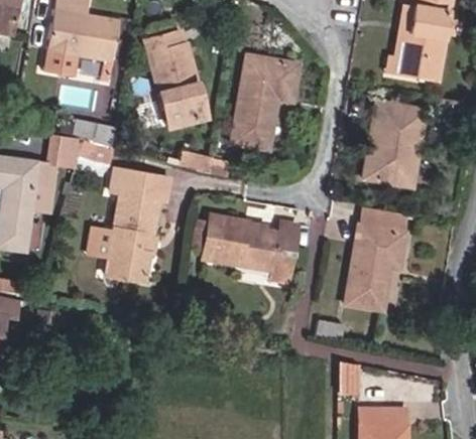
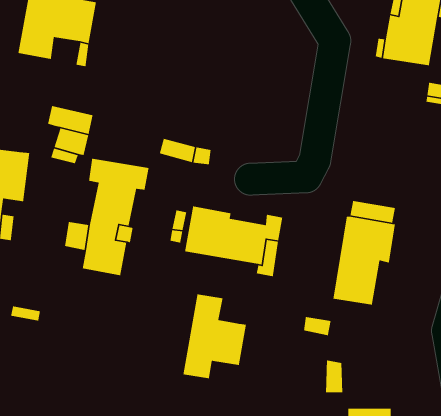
building: [145,32,209,127] -> none
building: [231,54,299,150] -> none
building: [362,101,425,187] -> none
building: [45,134,78,167] -> none
building: none -> [182,293,247,379]

